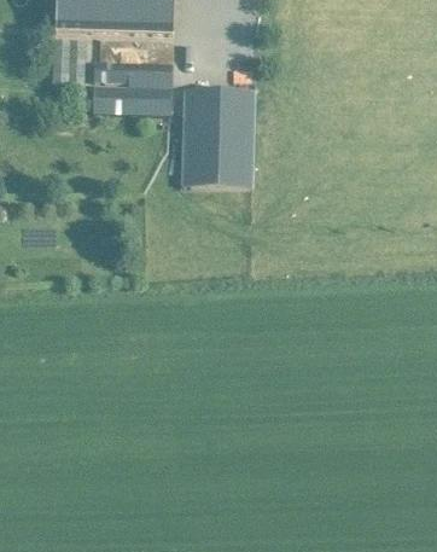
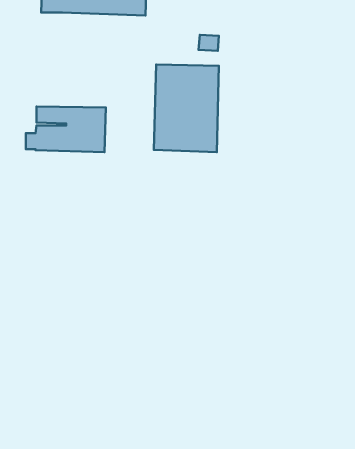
building: [82,62,173,114] -> [26,106,106,152]

